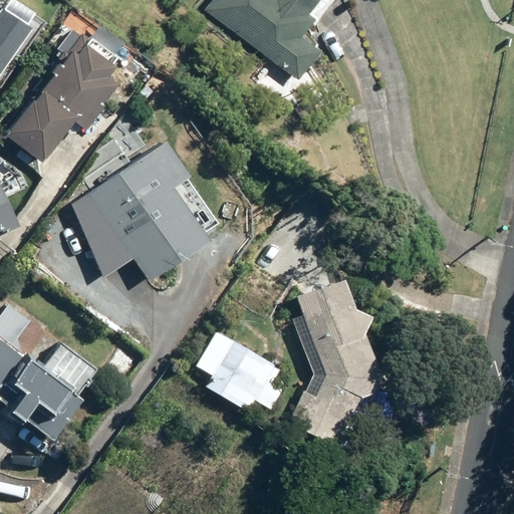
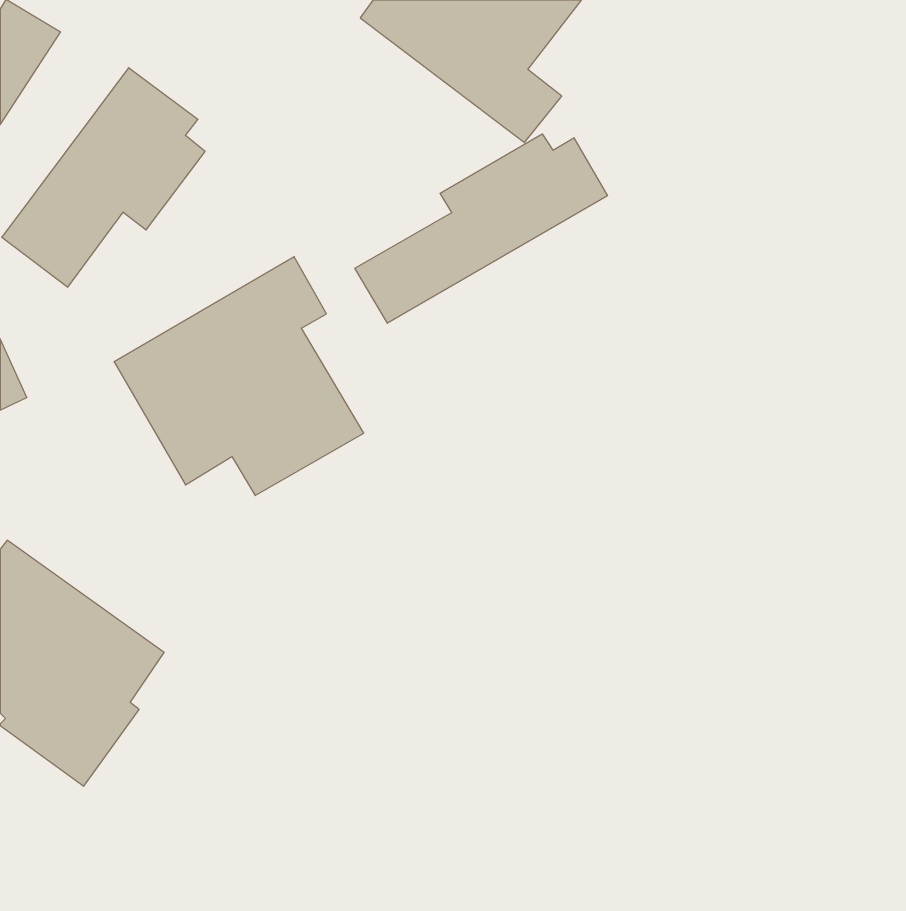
building: none -> [355,134,607,323]
building: [293,279,378,445] -> none
building: [198,331,283,411] -> none

